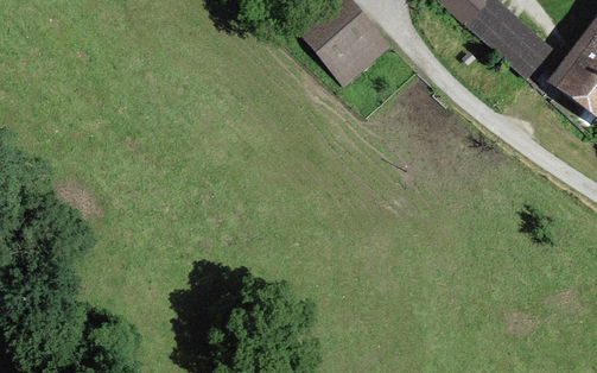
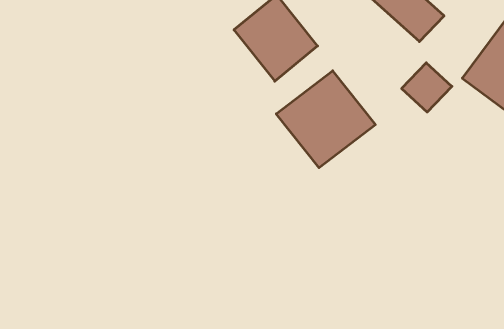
building: [497,20,553,75] -> [402,63,452,112]
building: none -> [276,71,375,168]

